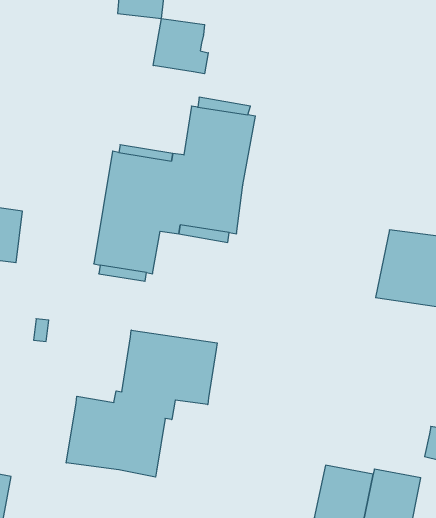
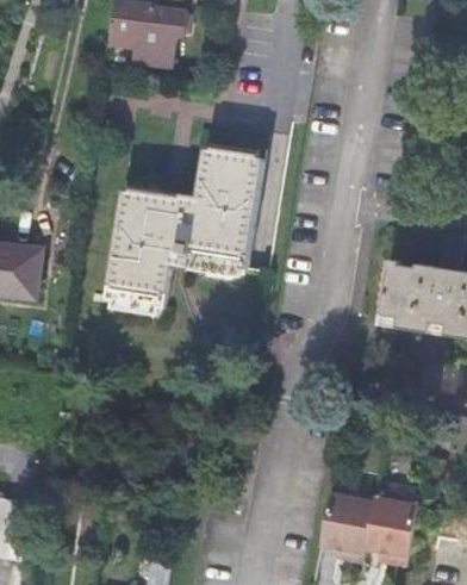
building: [153,18,208,74] -> none
building: [66,330,217,477] -> none

